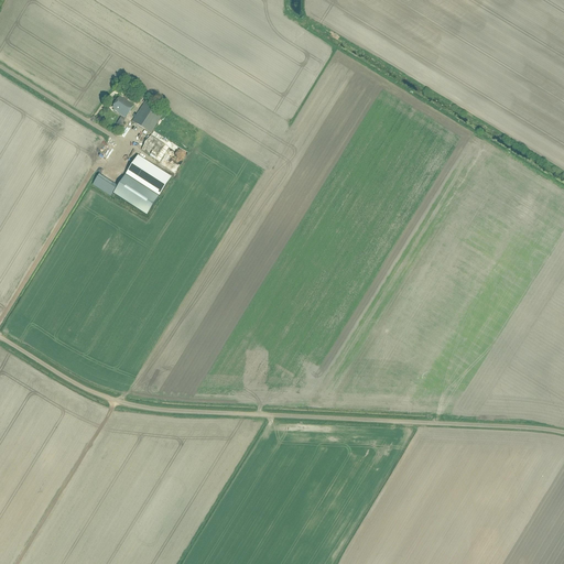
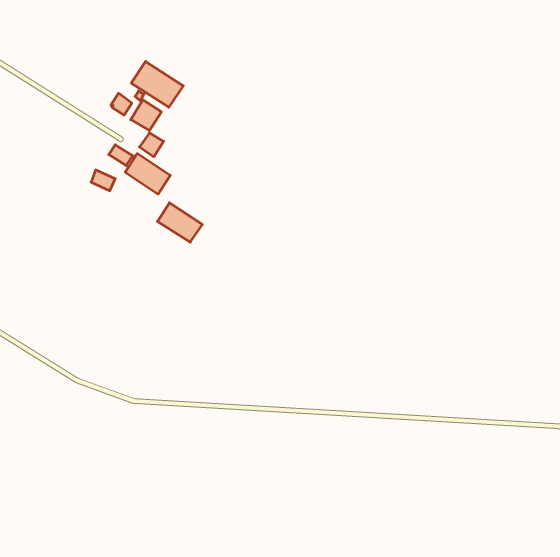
building: none -> [131,61,183,107]
building: [112,173,158,213] -> [157,203,202,242]

